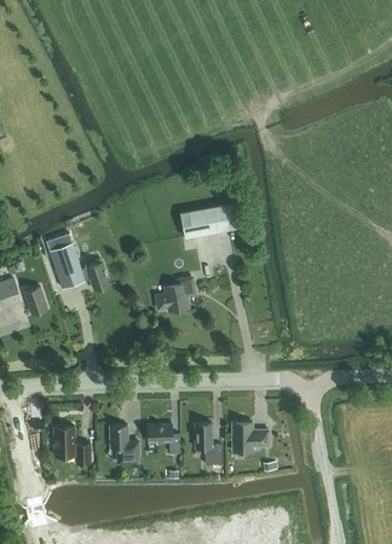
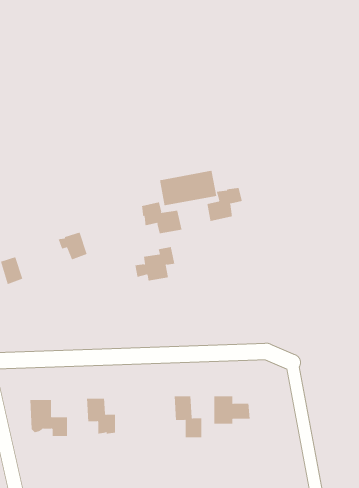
building: none -> [207,187,243,222]
building: none -> [142,201,182,234]
building: [50,244,85,289] -> none
building: [149,426,180,455] -> none

